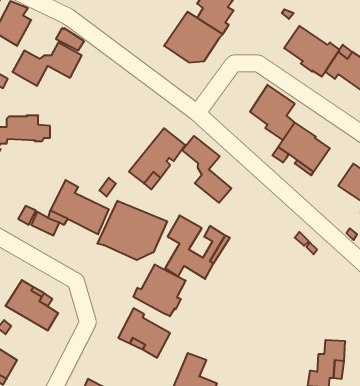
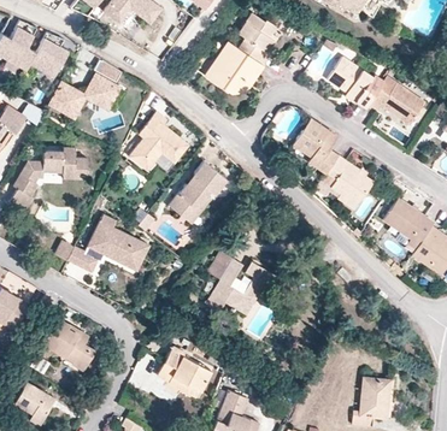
building: none -> [129,111,190,171]
building: [182,136,231,203] -> none
building: [97,201,167,260] -> none
building: [133,264,186,316] -> none

